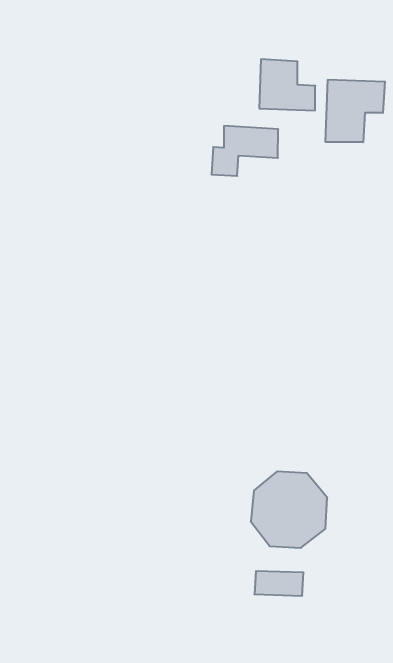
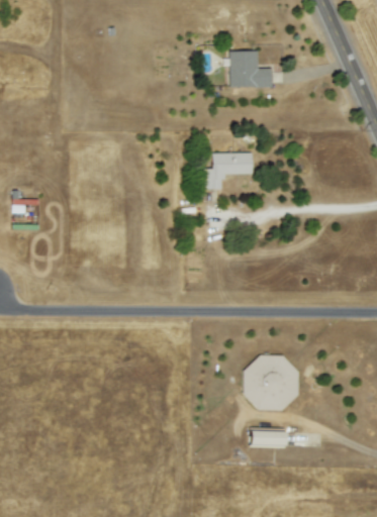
building: [326,80,385,142] -> none
building: [211,126,278,176] -> [204,152,253,189]

